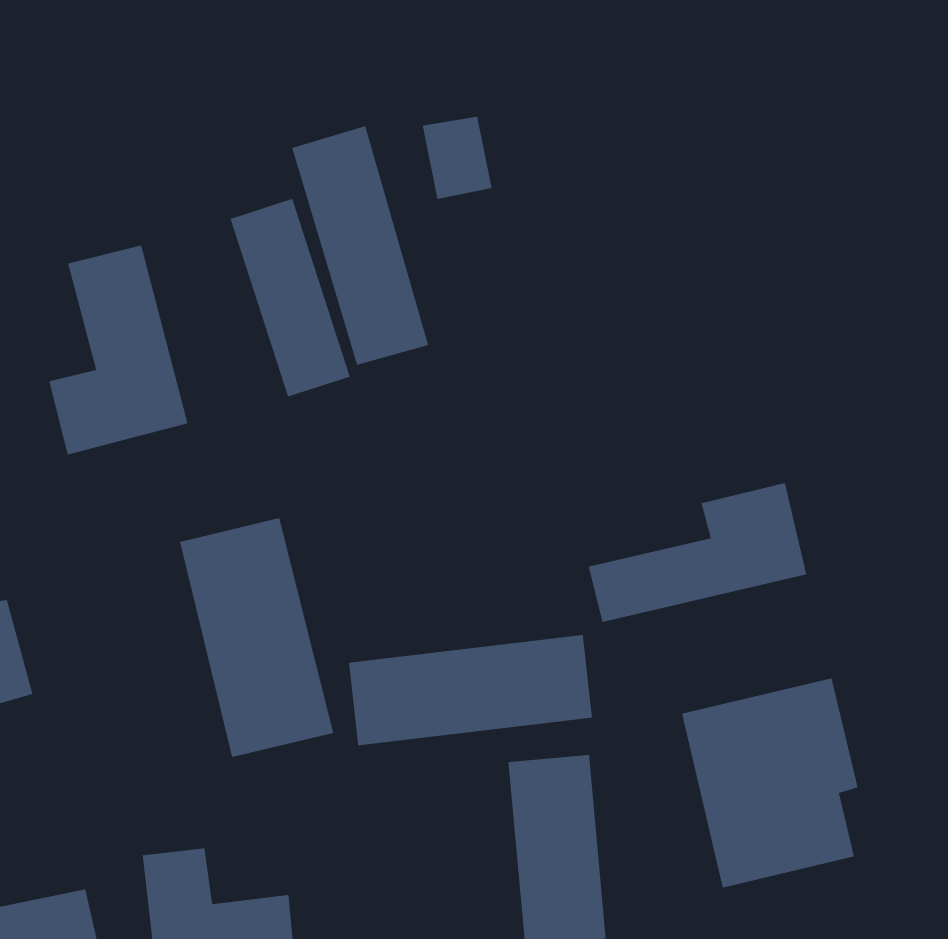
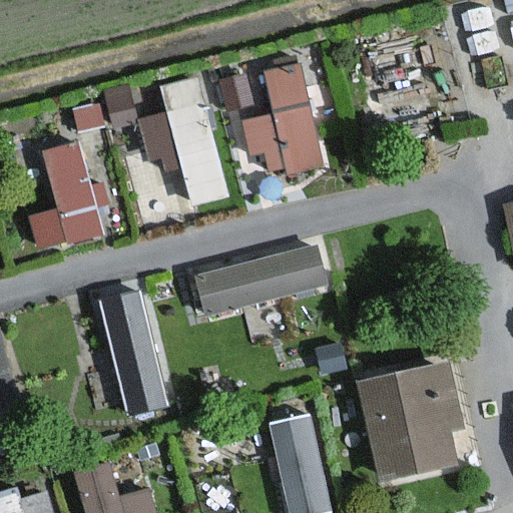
building: none -> [241,56,324,179]
building: [588,482,807,623] -> none
building: [348,634,593,746] -> [191,248,323,309]

